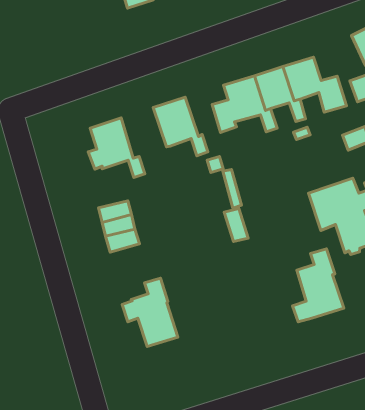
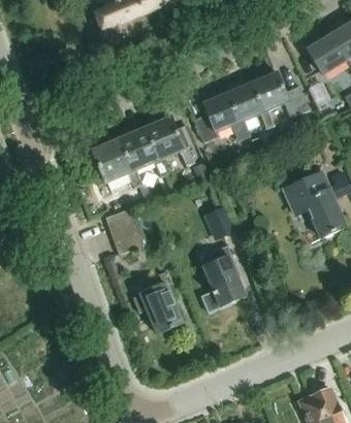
building: none -> [117,126,167,175]
building: [292,249,344,322] -> [201,245,246,310]

